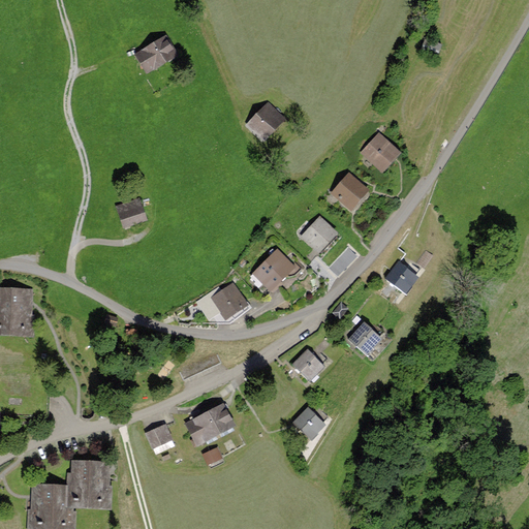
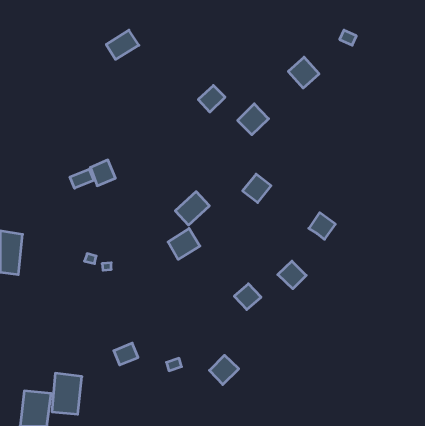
building: [361,132,399,170] -> [288,57,319,88]
building: [331,172,369,210] -> [238,104,269,135]
building: none -> [70,169,94,188]
building: [253,249,295,290] -> [175,192,209,225]
building: [294,403,331,439] -> [209,355,239,385]
building: [185,406,231,446] -> none

